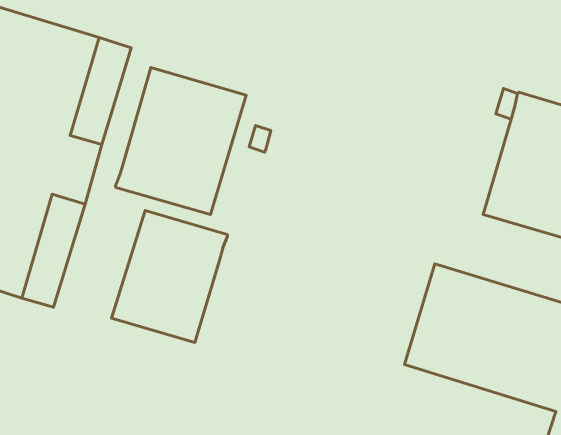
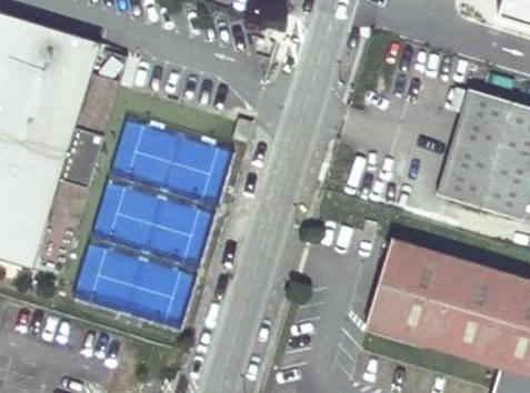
building: [116,68,246,214] -> none
building: [112,210,228,343] -> none

